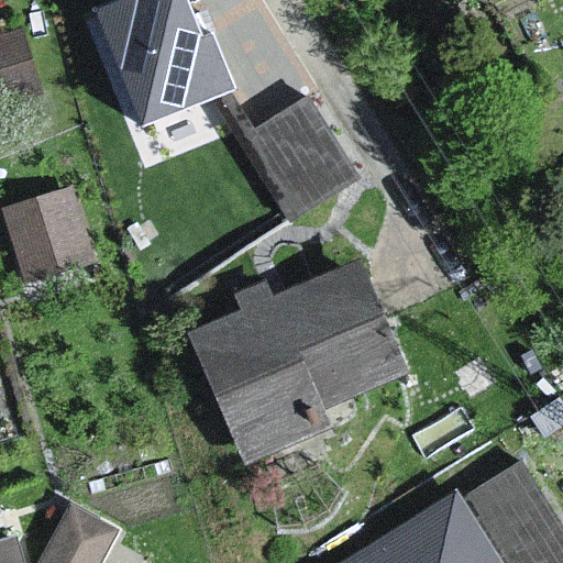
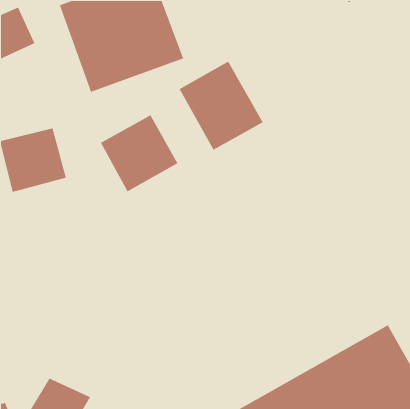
building: none -> [100,114,179,192]
building: [189,285,411,474] -> none

